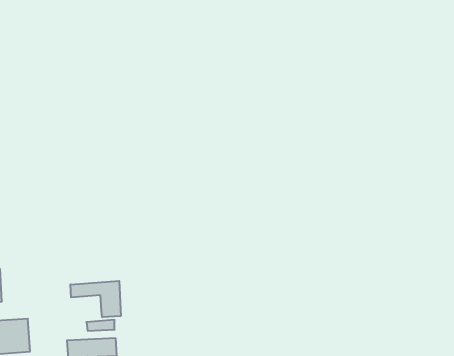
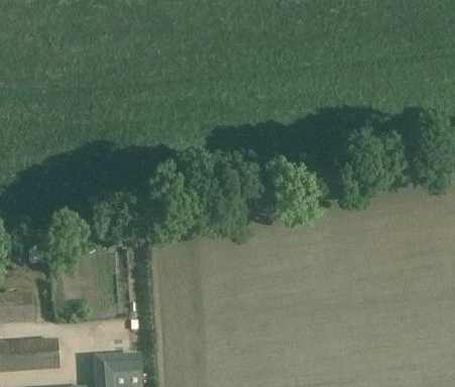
building: [70,281,121,317] -> none

